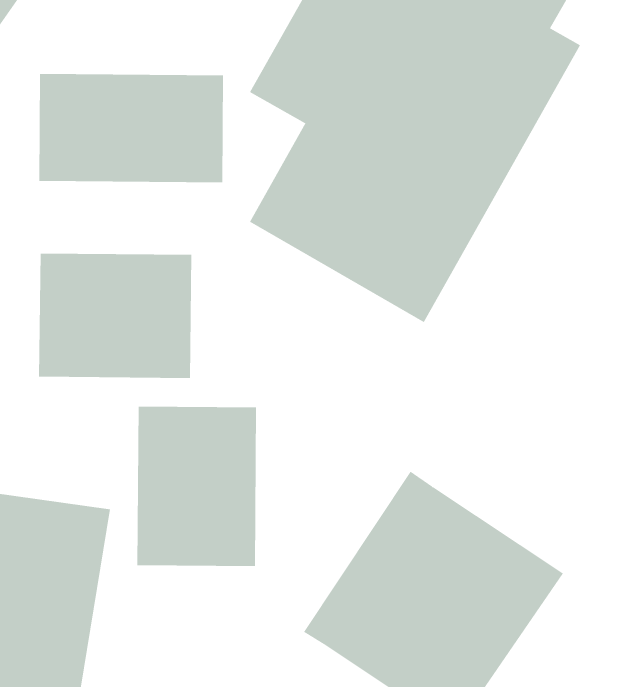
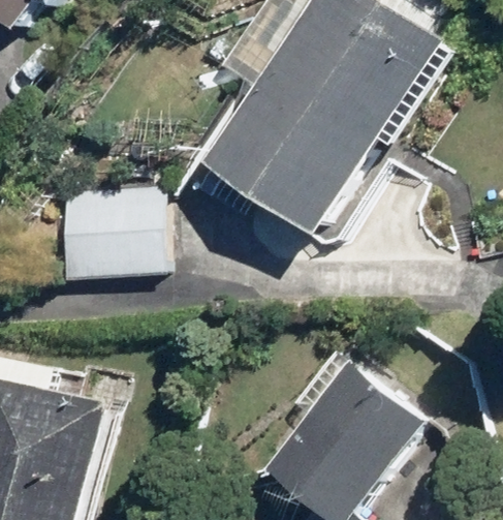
building: [39,73,224,183] -> none
building: [137,406,257,567] -> none

